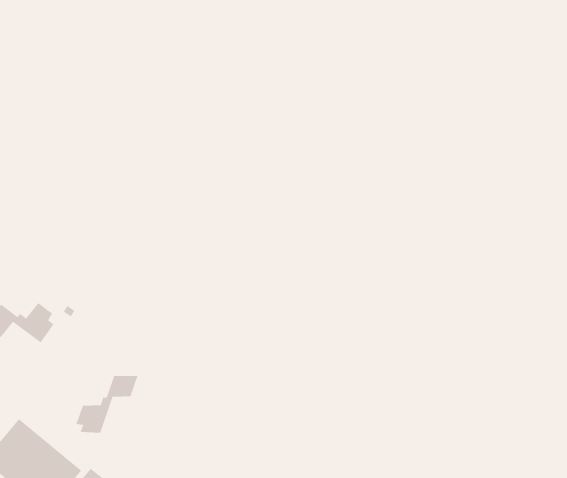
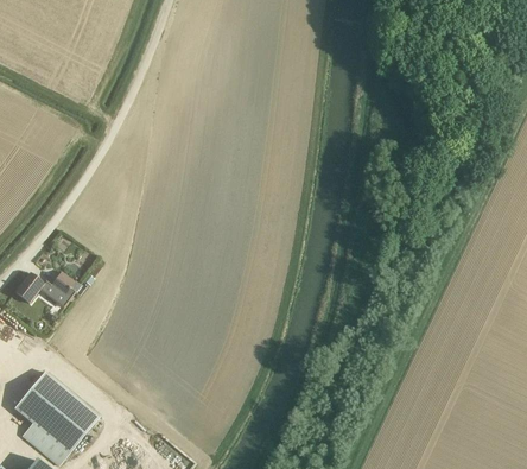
building: [75,375,138,433] -> none

